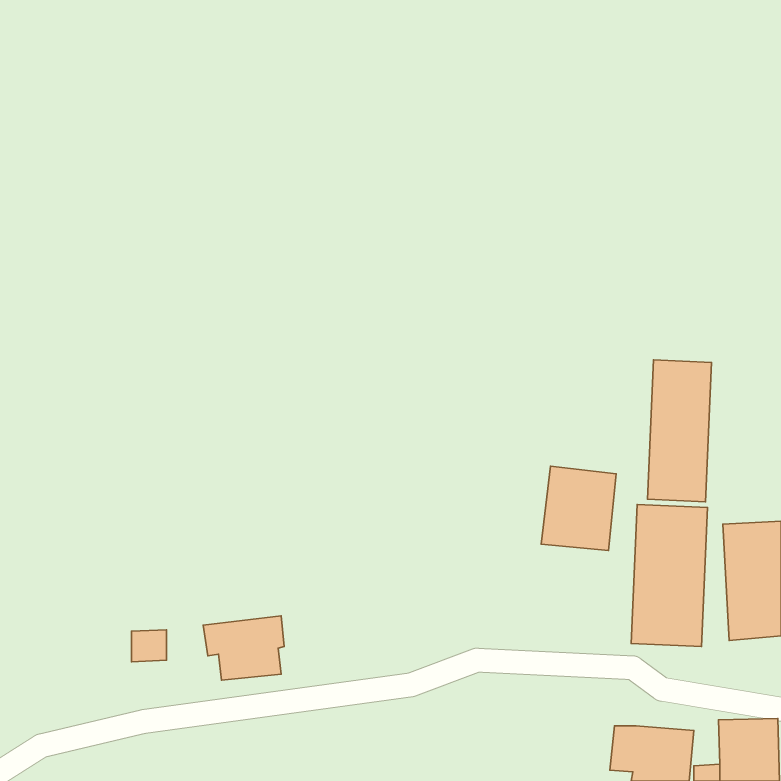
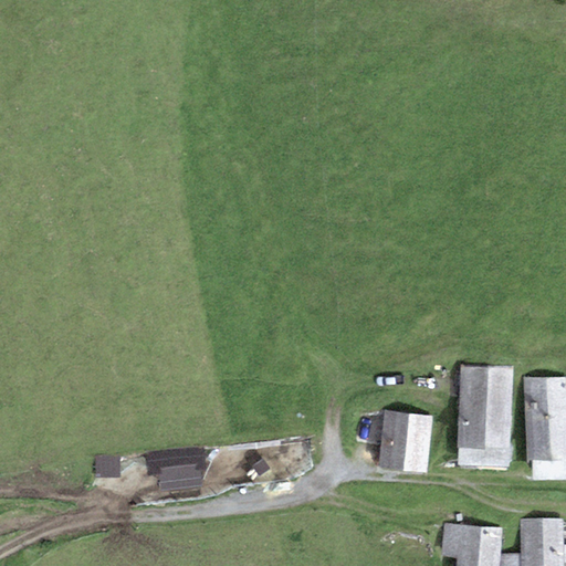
building: [647,360,712,502] -> none
building: [541,466,616,550] -> [378,411,432,472]

